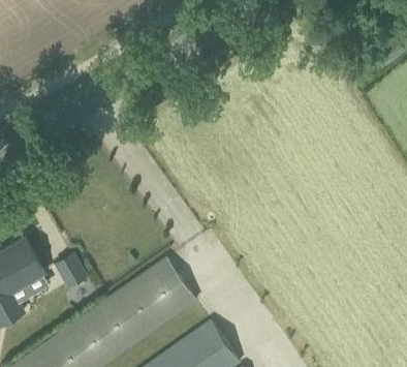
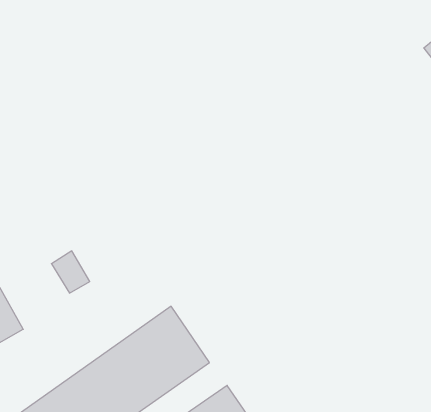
building: [55,253,86,287] -> [51,251,90,293]

